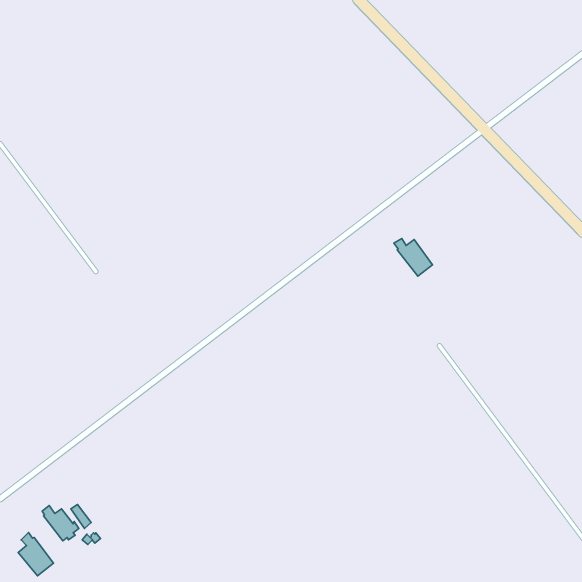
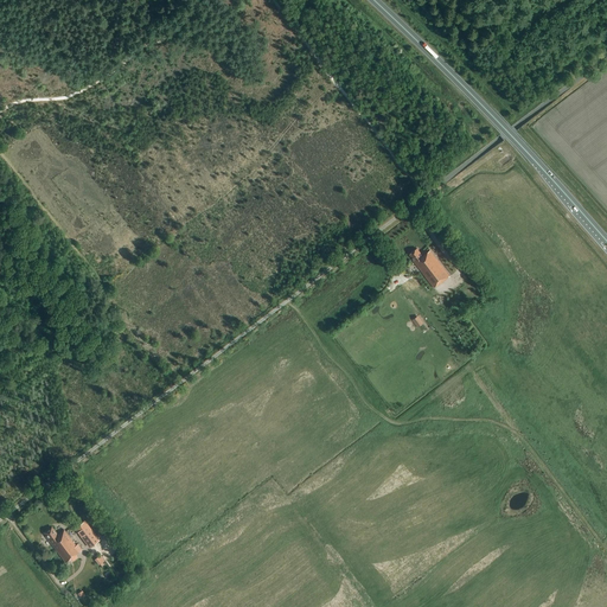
building: [18,533,54,576] -> none

